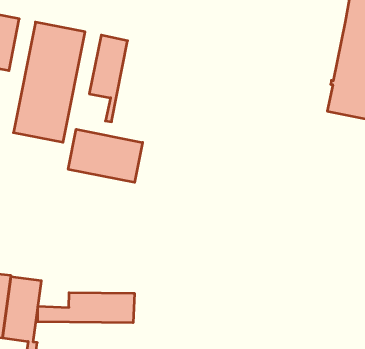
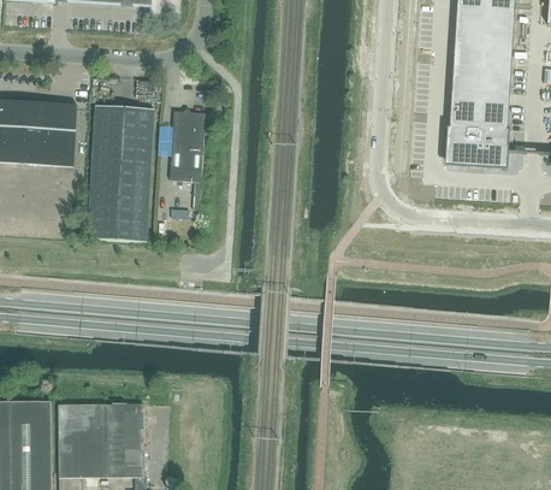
building: [68,129,143,182] -> none
building: [38,293,134,323] -> none

